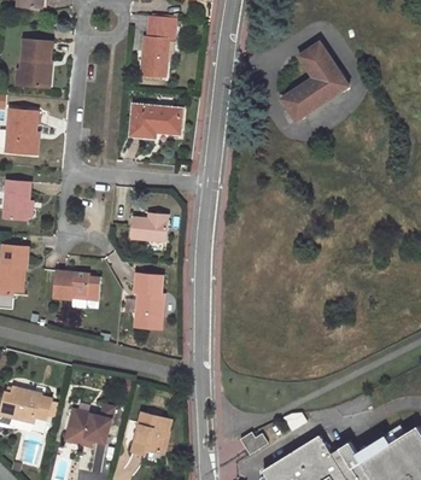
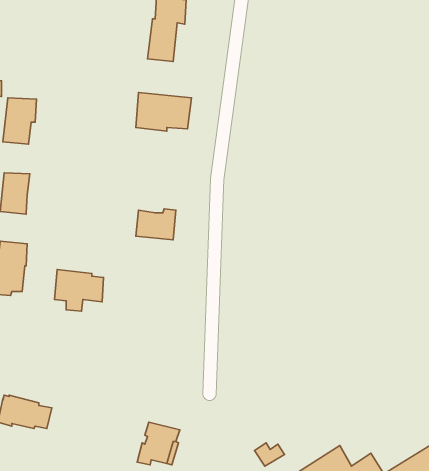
building: [19,39,52,87] -> none
building: [281,42,347,121] -> none
building: [133,273,164,329] -> none
building: [66,404,113,441] -> none

